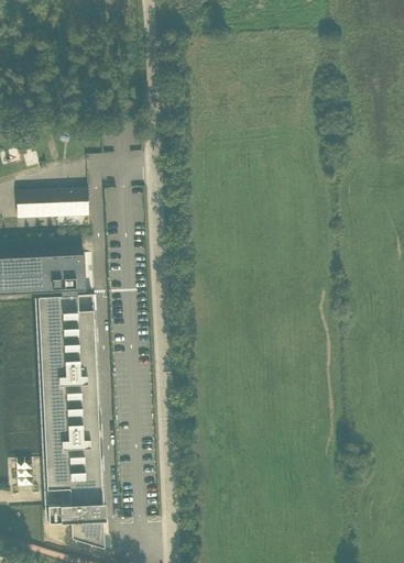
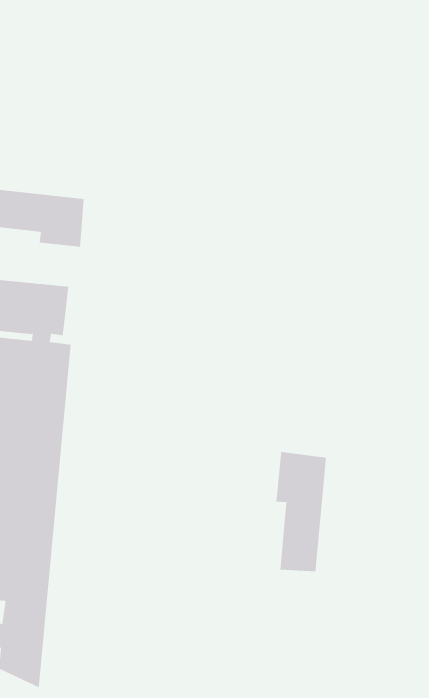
building: none -> [276,451,326,572]

